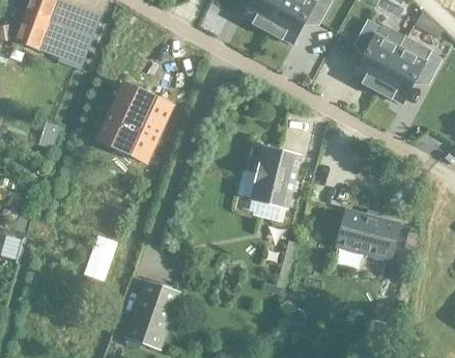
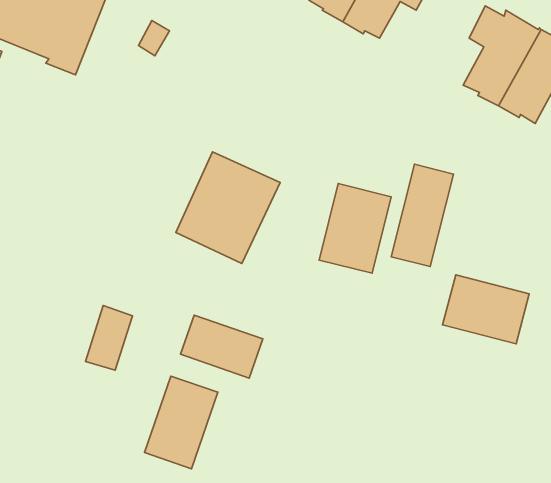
building: [97,82,171,161] -> [176,152,280,263]
building: none -> [391,164,453,267]
building: none -> [181,315,263,378]

